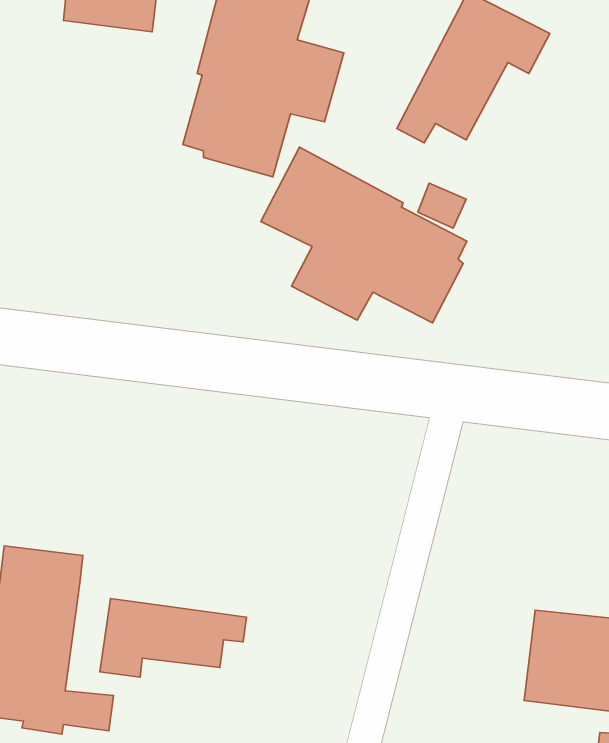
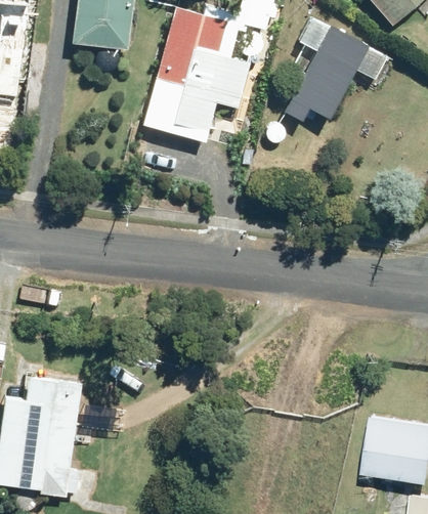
building: [261,147,467,323] -> none
building: [100,599,246,677] -> none

